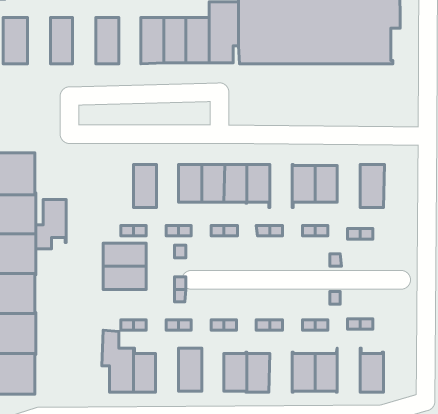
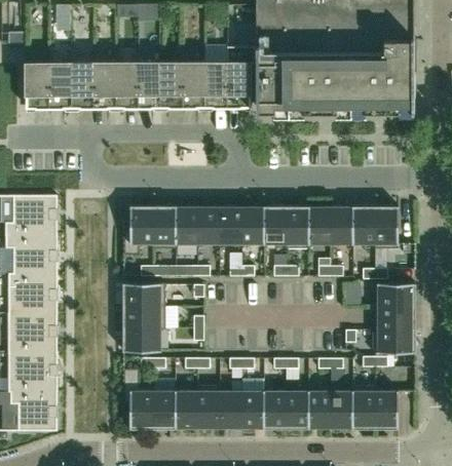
building: none -> [48,63,71,108]
building: none -> [92,63,115,108]
building: none -> [138,63,159,108]
building: none -> [175,206,196,243]
building: none -> [286,206,307,248]
building: none -> [351,206,374,248]
building: [36,200,66,249] -> [122,206,152,255]
building: none -> [372,283,414,353]
building: none -> [122,328,164,351]
building: none -> [174,386,196,429]
building: none -> [219,386,240,428]
building: none -> [351,386,374,429]
building: none -> [285,391,307,429]

